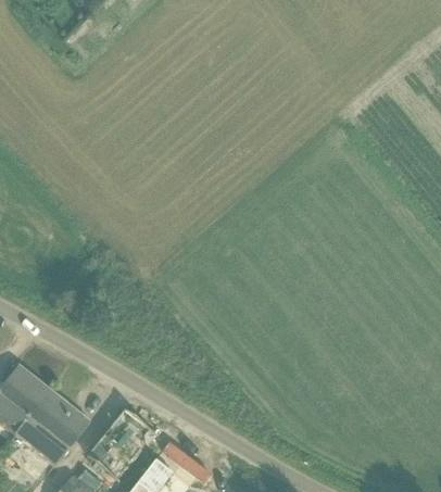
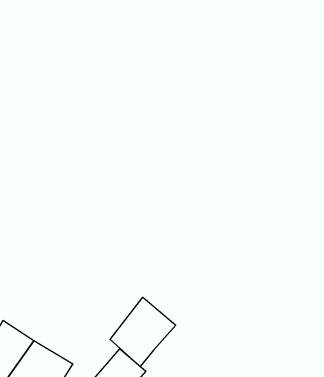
building: none -> [110,297,176,366]

